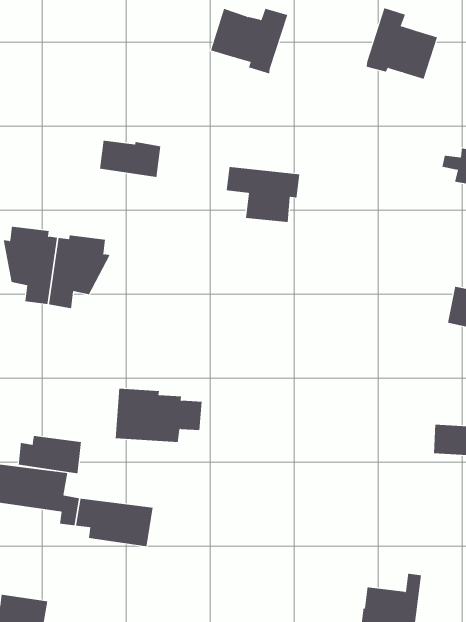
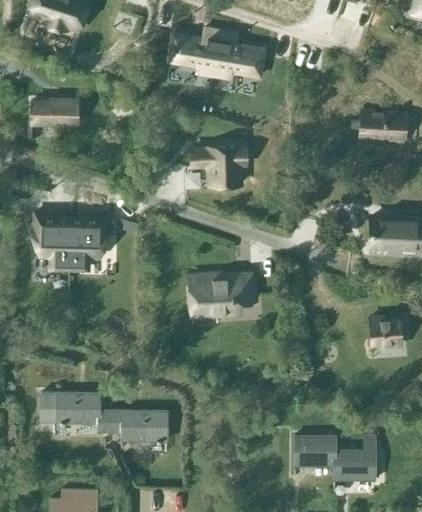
building: [366,8,438,80] -> [214,30,265,80]
building: [99,140,161,178] -> [33,100,77,125]
building: [115,388,203,443] -> [190,275,255,315]
building: [18,435,82,474] -> none
building: none -> [295,436,336,466]

